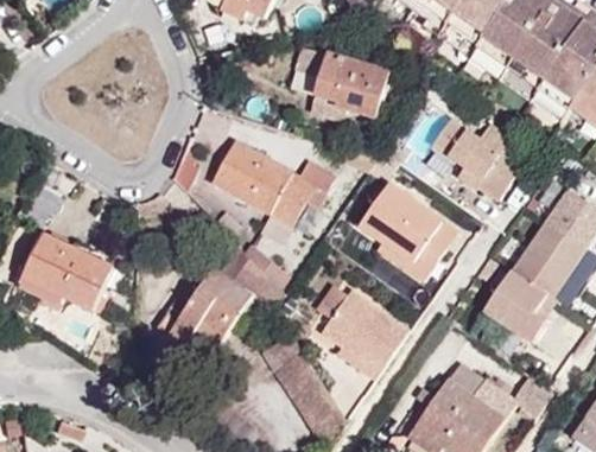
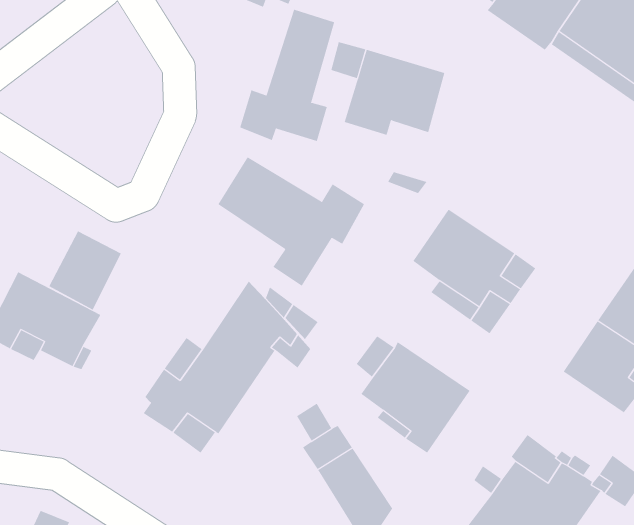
building: none -> [240,9,335,142]
building: [427,116,519,197] -> none
building: none -> [49,230,122,310]

